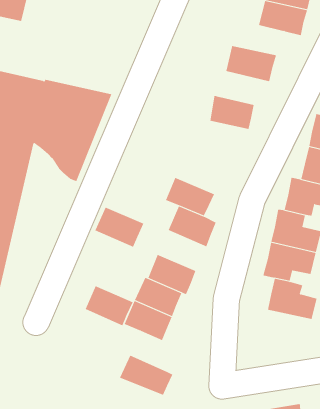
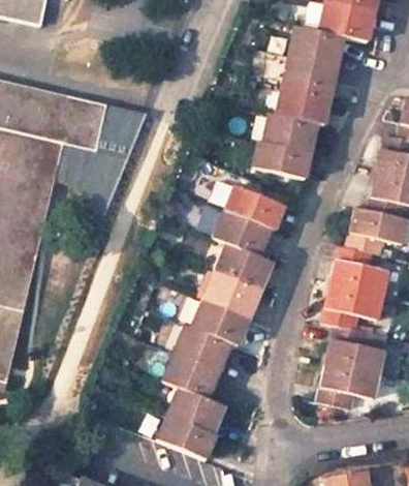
building: none -> [286,25,347,65]
building: none -> [273,84,331,125]
building: none -> [248,141,307,180]
building: none -> [220,183,280,229]
building: [95,207,144,247] -> [199,270,257,317]
building: [85,285,133,326] -> [167,388,224,435]
building: none -> [319,363,380,407]

